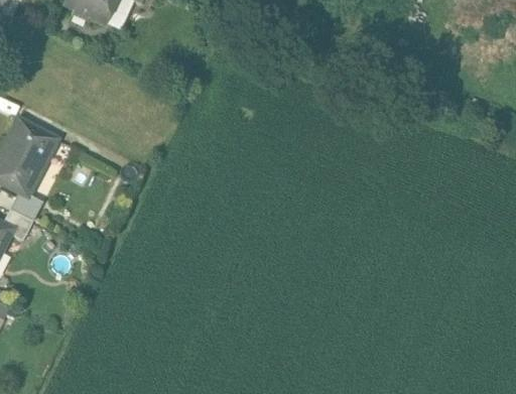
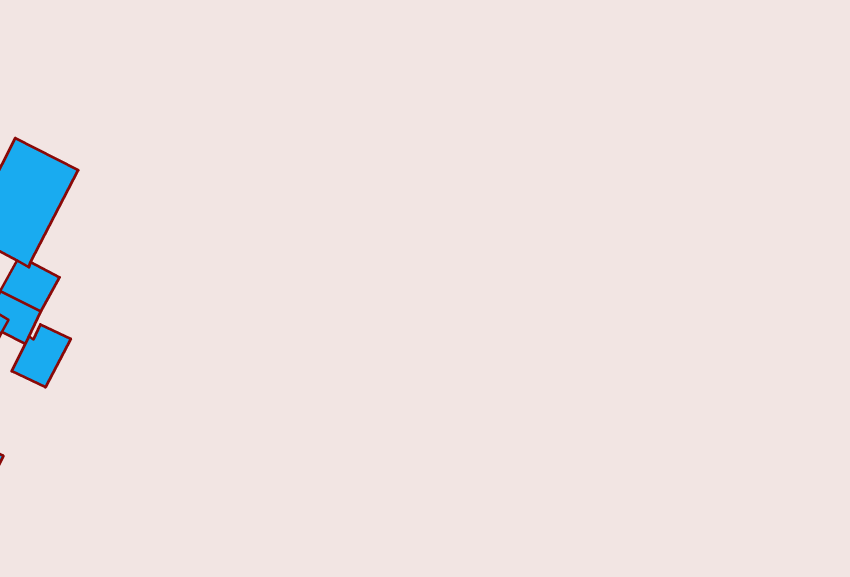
building: none -> [12,324,71,387]

